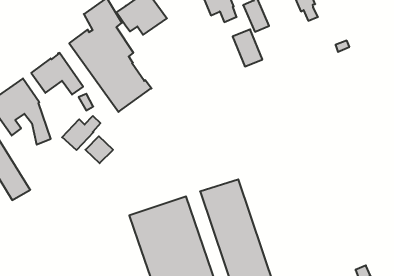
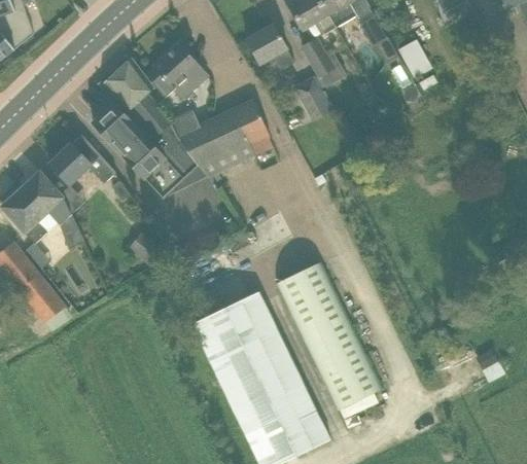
building: none -> [397,38,431,77]
building: none -> [175,99,272,177]
building: [62,116,100,150] -> none

